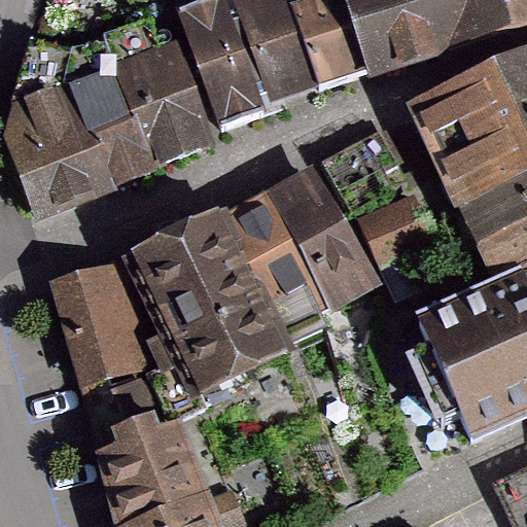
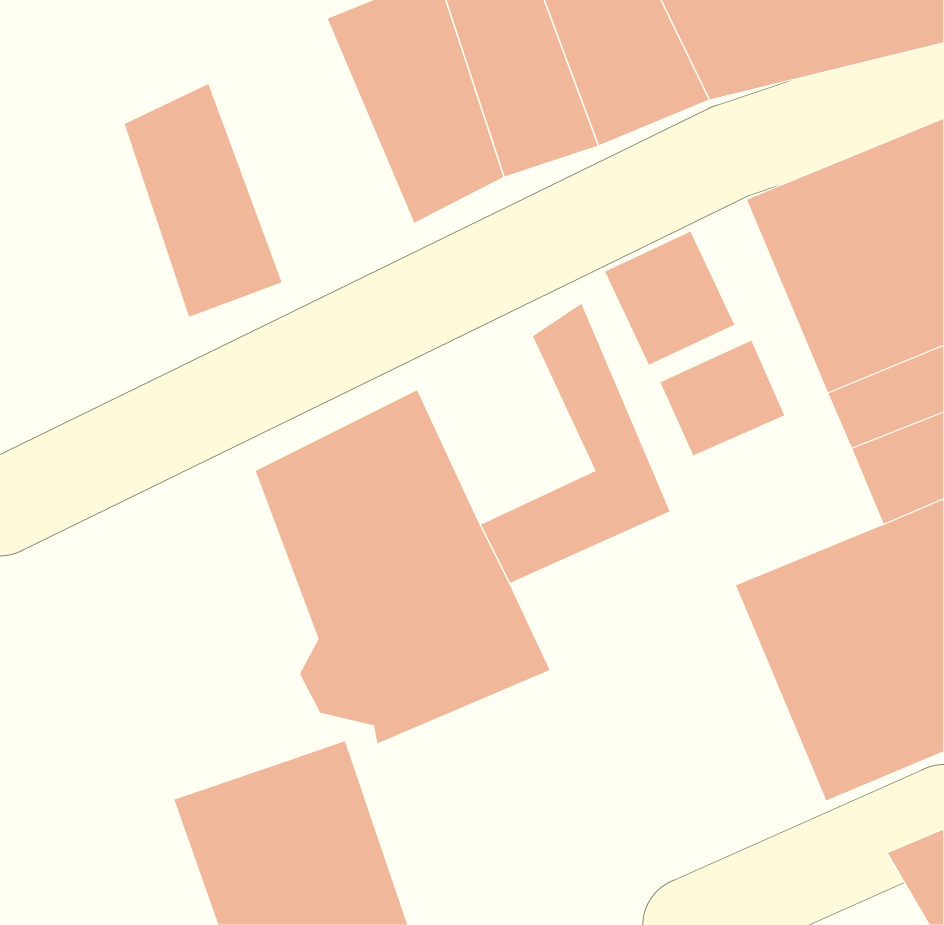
building: [116,32,201,157] -> none
building: [14,59,105,204] -> none
building: [233,187,331,292] -> none
building: [44,268,160,446] -> none

